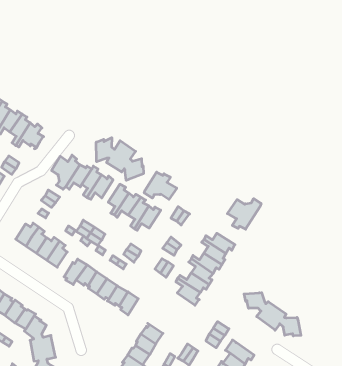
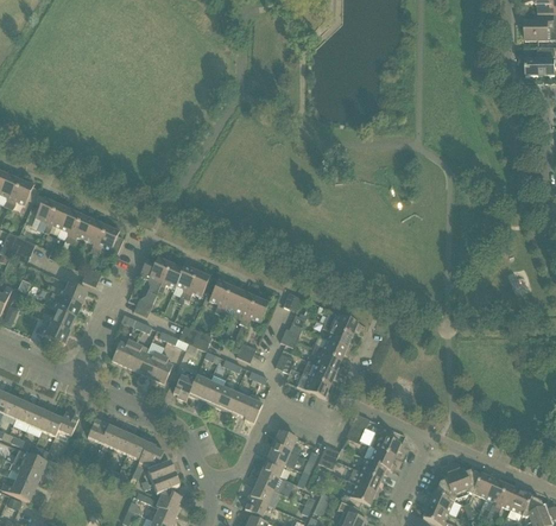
building: [96,138,143,180] -> none
building: [144,172,177,199] -> none
building: [227,199,261,229] -> none
building: [244,293,301,336] -> none

